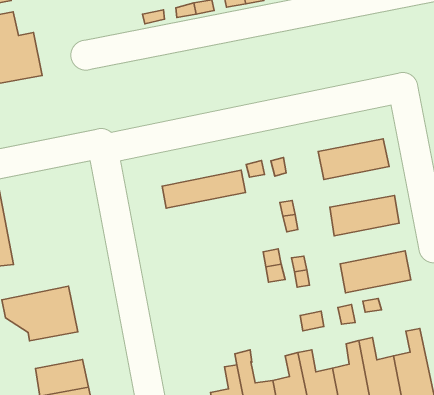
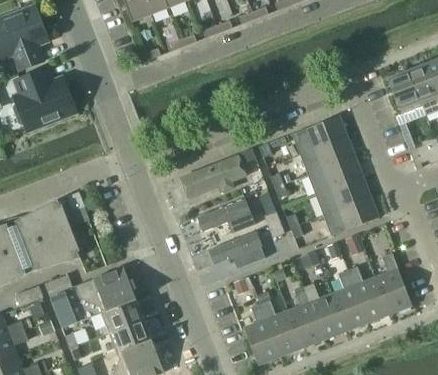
building: none -> [300,135,355,173]
building: none -> [315,176,370,214]
building: none -> [198,200,249,228]
building: none -> [210,232,263,265]
building: none -> [100,299,143,332]

